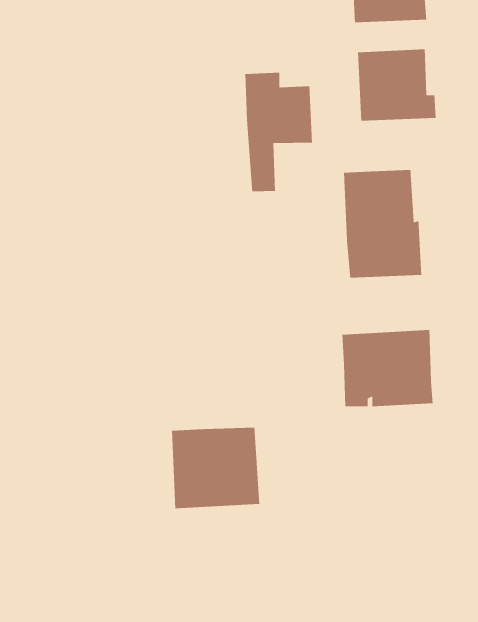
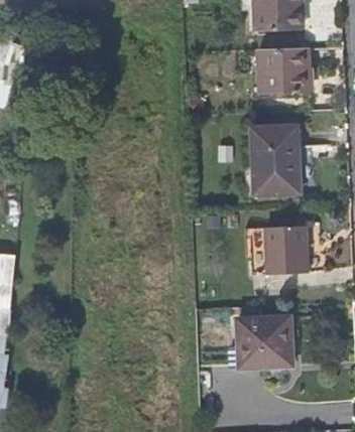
building: [245,72,313,192] -> none
building: [171,427,260,509] -> [238,317,294,370]

